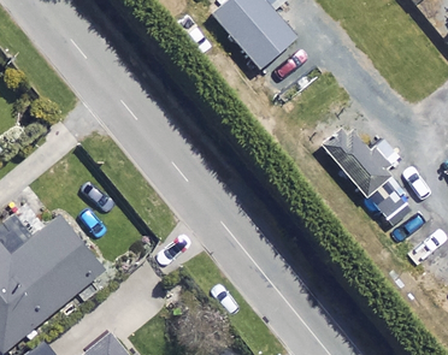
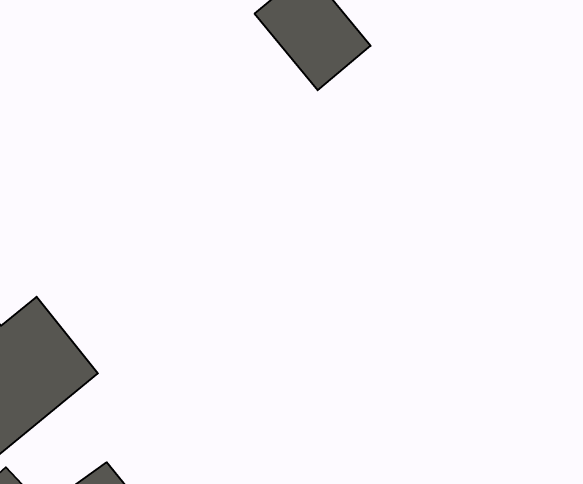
building: [323,129,389,199] -> none

